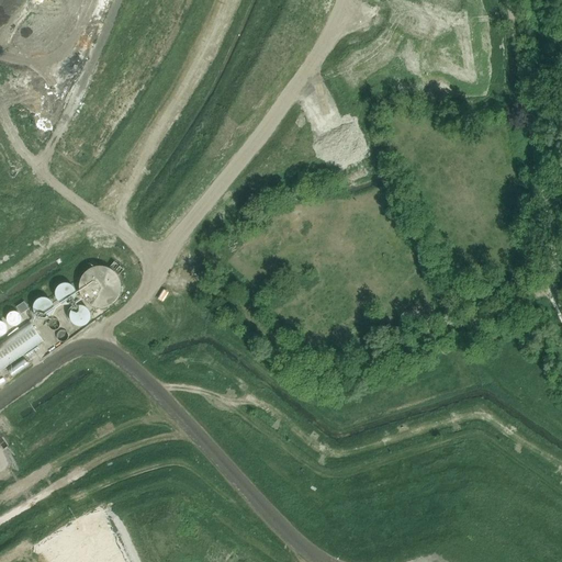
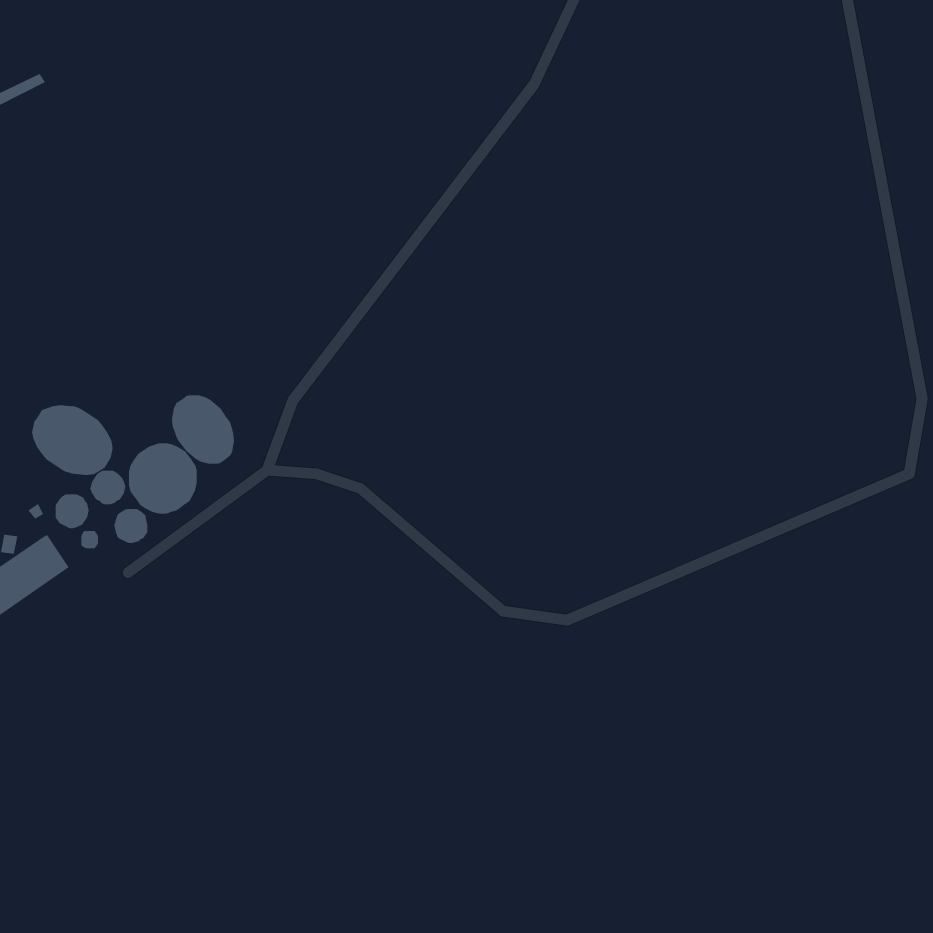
building: none -> [172,394,234,464]
building: none -> [32,404,113,476]

